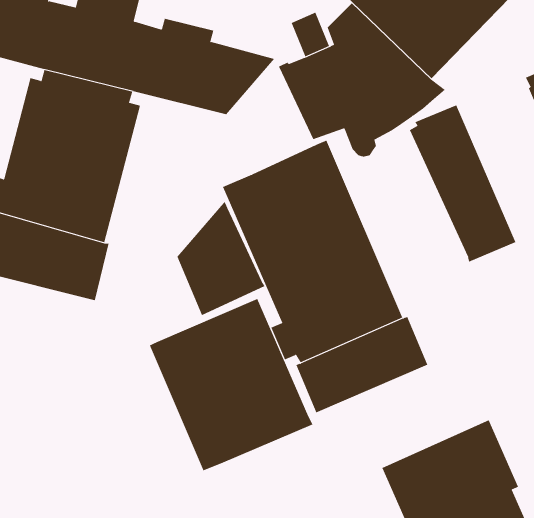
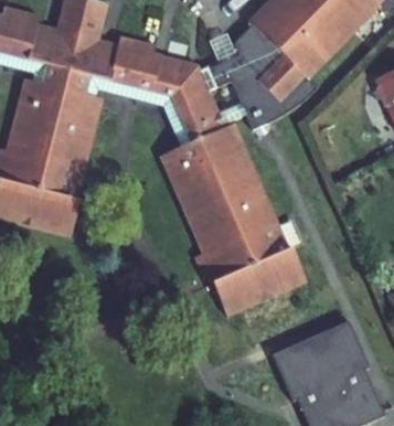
building: [409,104,516,262] -> none
building: [177,200,266,316] -> [163,64,226,146]
building: [149,298,313,471] -> none

